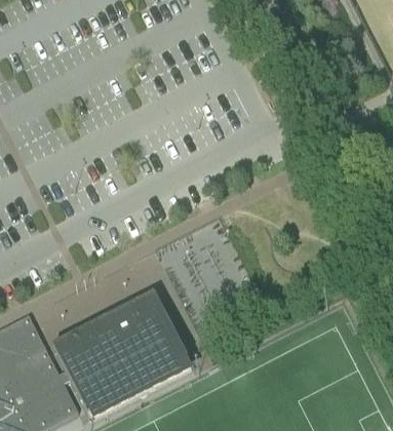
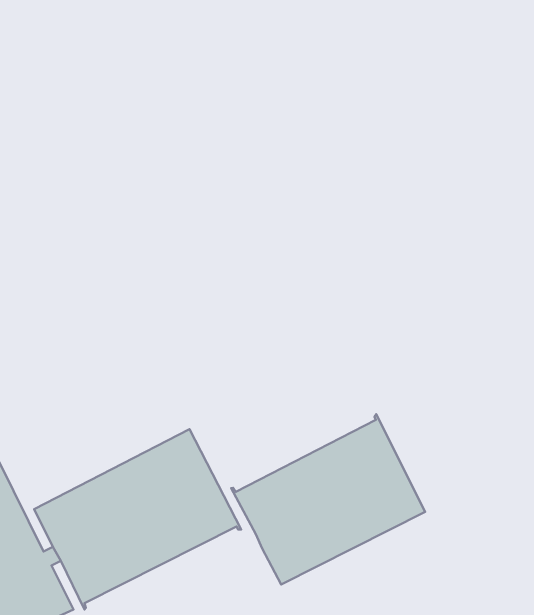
building: none -> [231,414,425,584]

